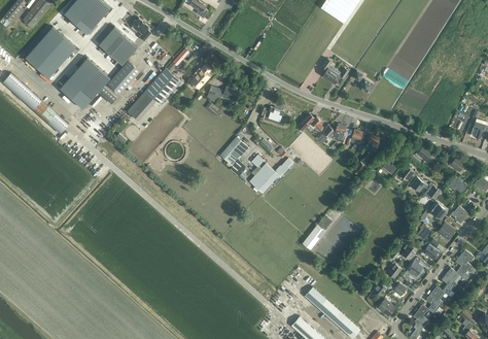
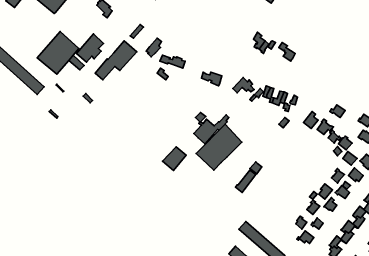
building: [25,25,75,76] -> none
building: [99,32,135,68] -> none
building: [219,137,248,166] -> [162,147,186,171]
building: none -> [196,124,242,170]

